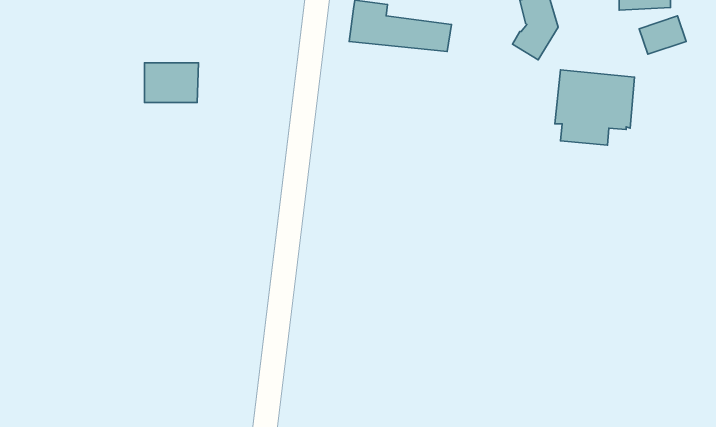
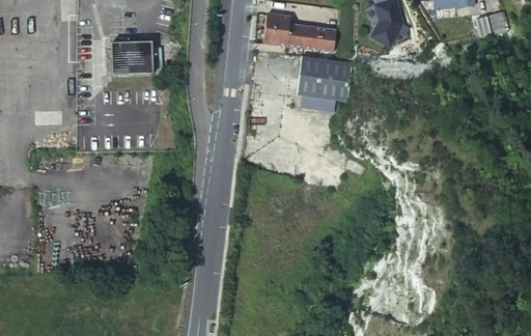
building: [555,70,635,145] -> [298,54,356,109]

